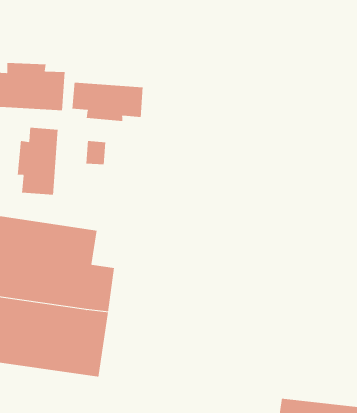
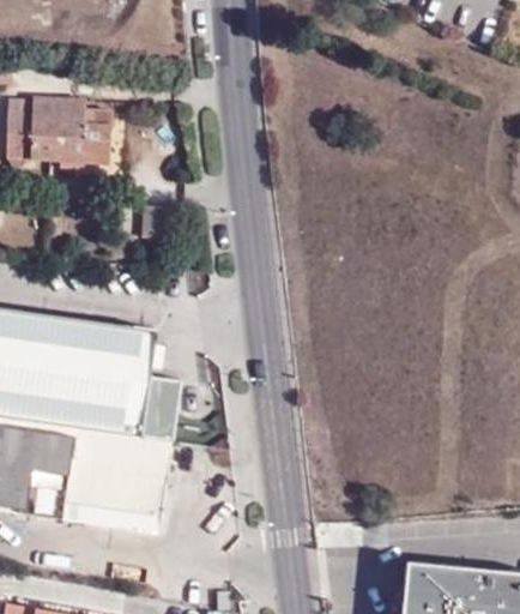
building: [72,82,143,122] -> none
building: [17,127,58,195] -> none

